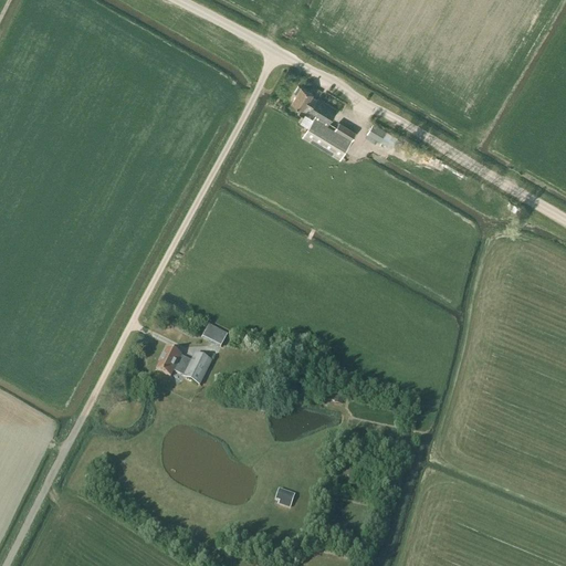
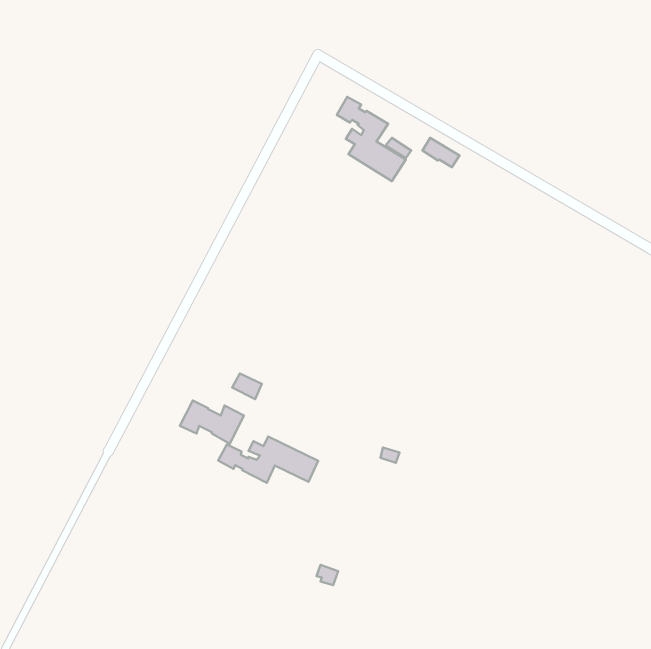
building: none -> [218,437,318,483]

